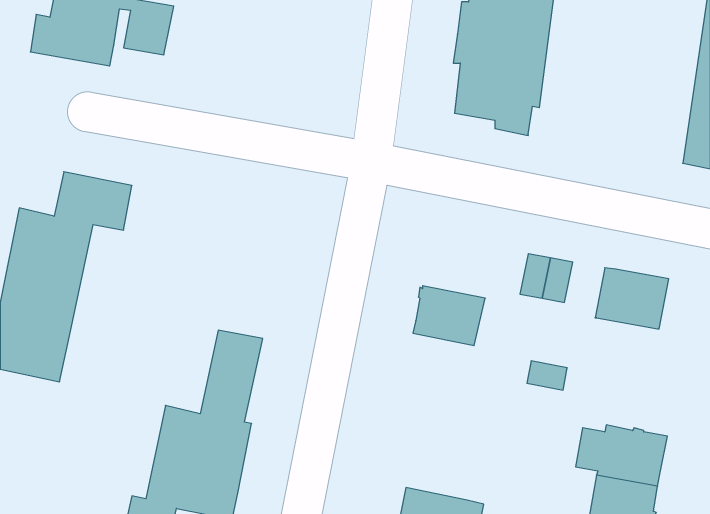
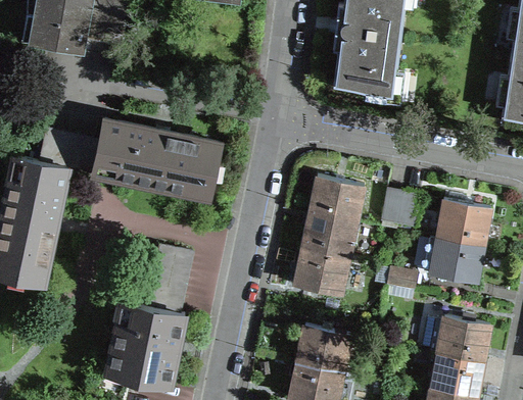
building: none -> [91,120,221,199]
building: none -> [311,178,364,223]
building: none -> [431,238,483,283]
building: none -> [296,249,348,294]
building: none -> [298,326,350,371]

